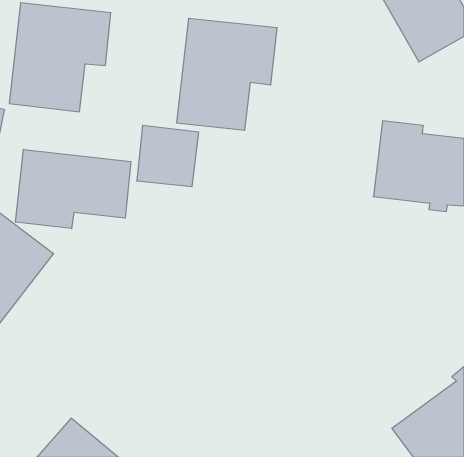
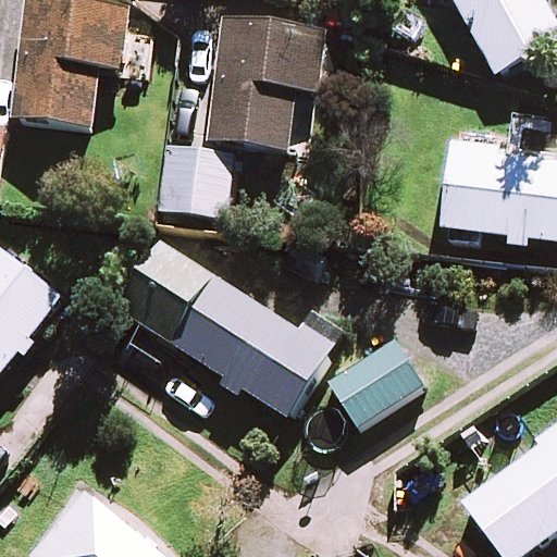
building: [15,149,131,229] -> none
building: none -> [119,247,336,421]
building: none -> [329,342,422,429]

